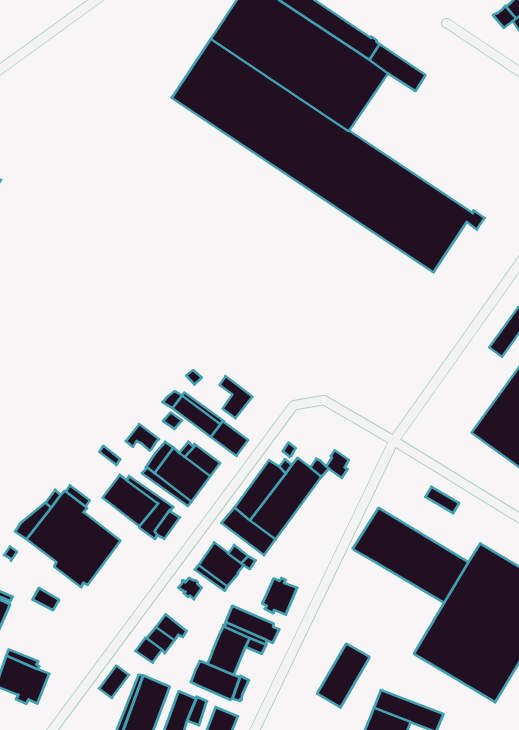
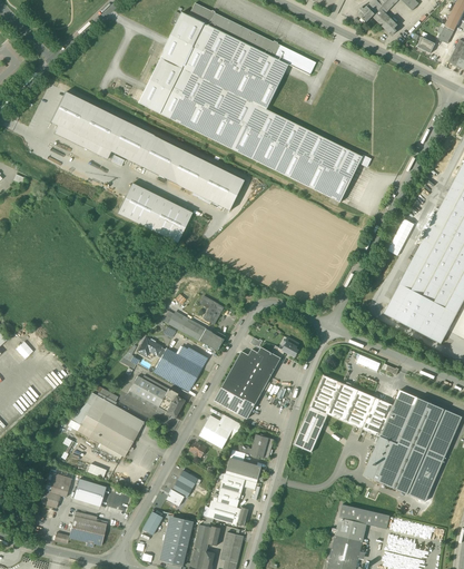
building: none -> [50,91,245,210]
building: none -> [117,183,192,242]
building: none -> [73,479,106,506]
building: [317,644,369,708] -> [294,406,327,452]

